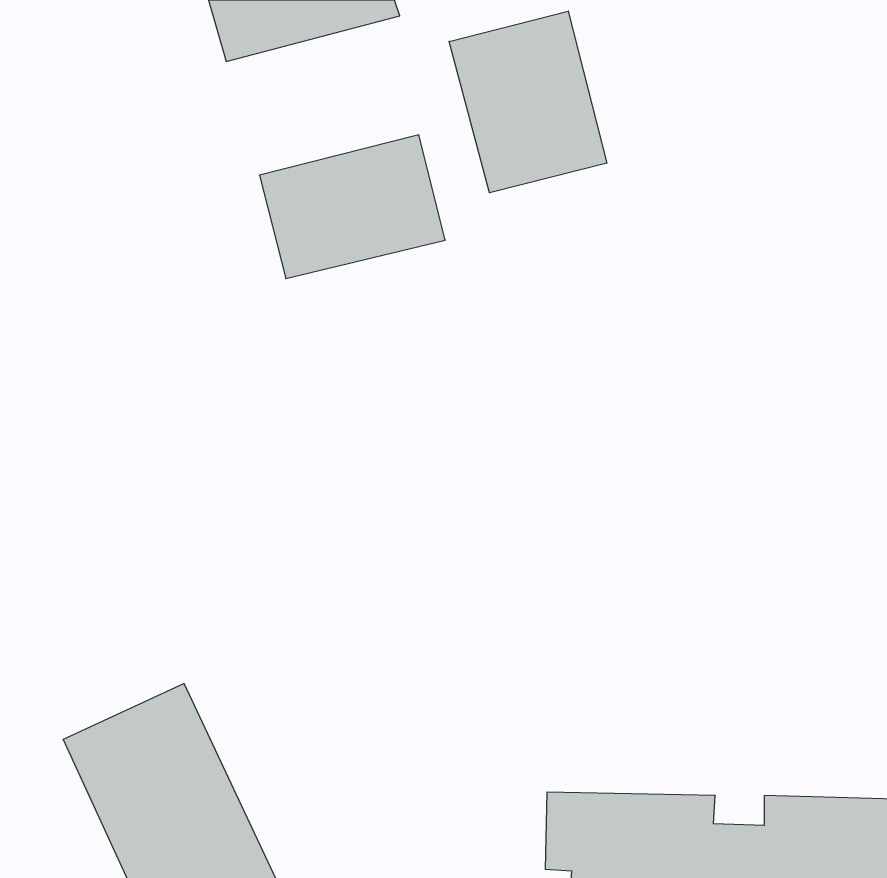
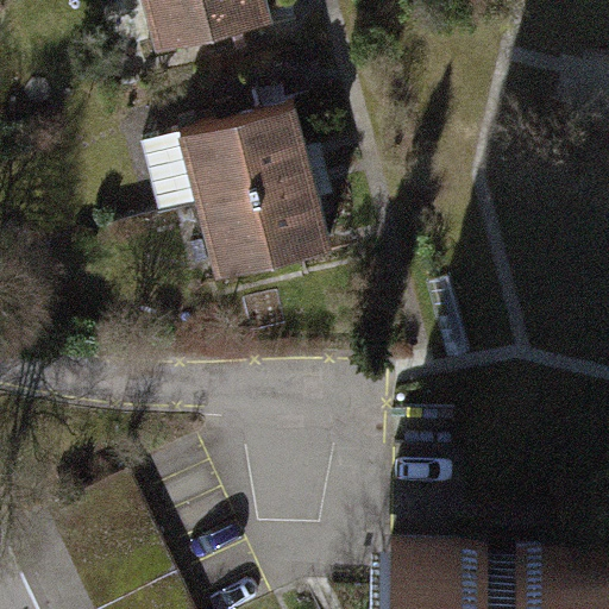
building: [449,11,607,193] -> none
building: none -> [200,175,326,271]

